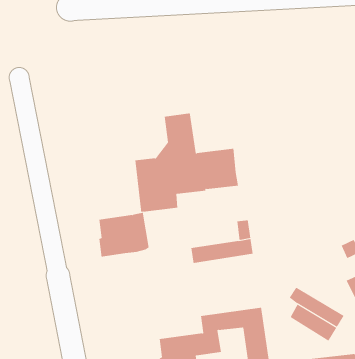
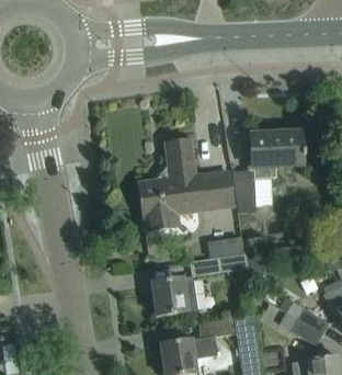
building: none -> [233,130,304,213]
building: [98,212,149,257] -> [152,275,198,316]

